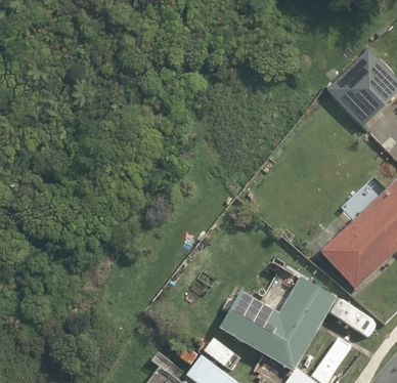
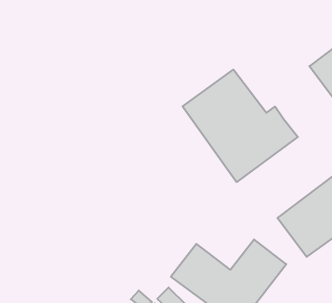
building: none -> [183,70,298,182]

